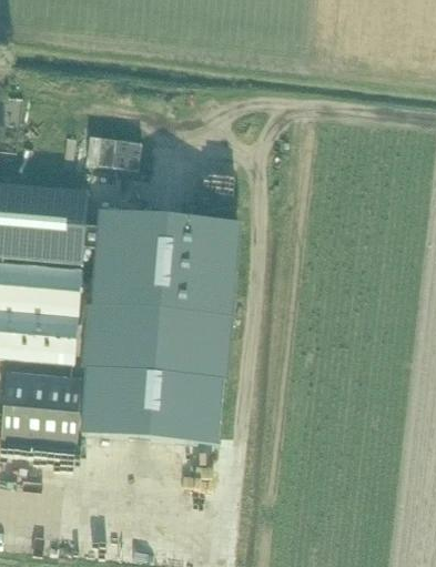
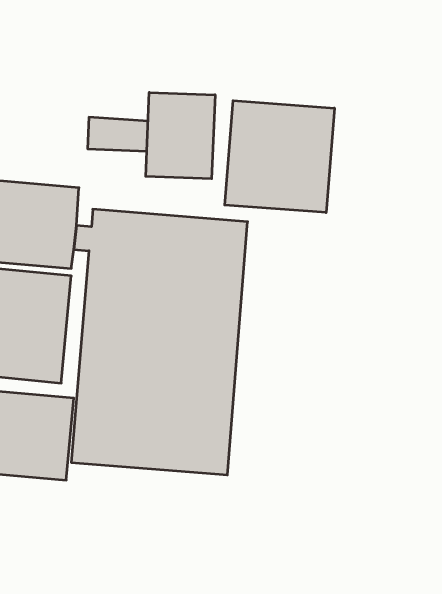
building: none -> [146,92,215,179]
building: none -> [225,101,334,213]

